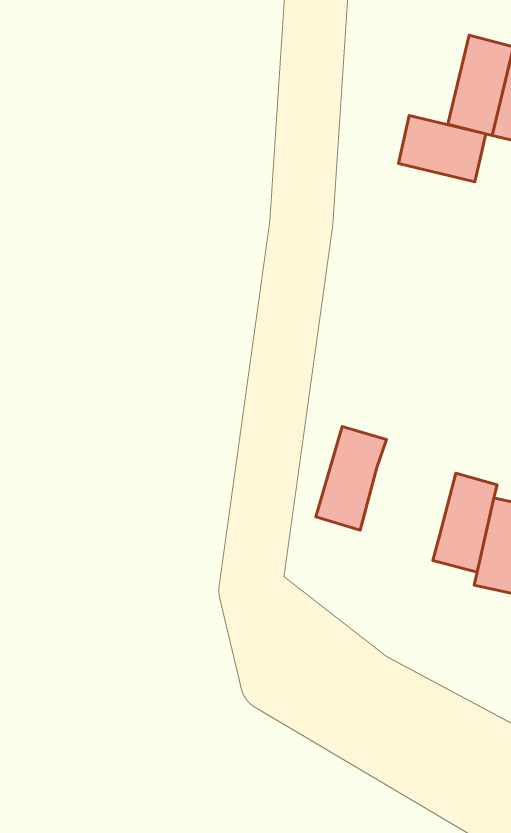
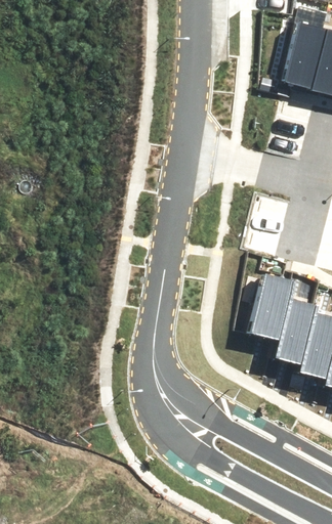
building: [398,116,486,182] -> none
building: [316,426,387,530] -> [252,273,296,338]

